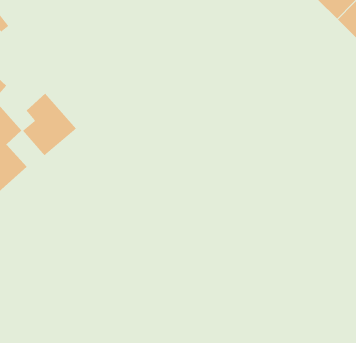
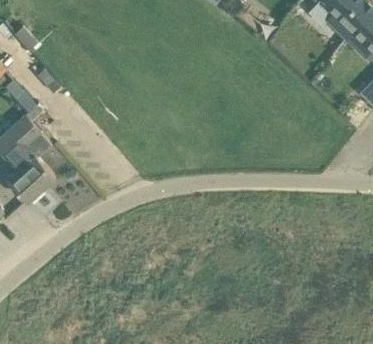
building: [22,93,77,156] -> none

